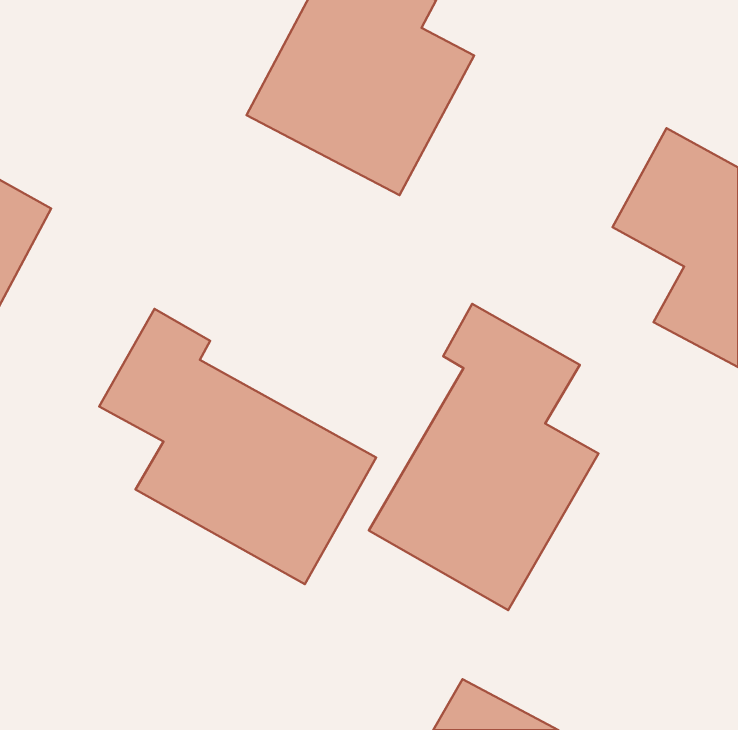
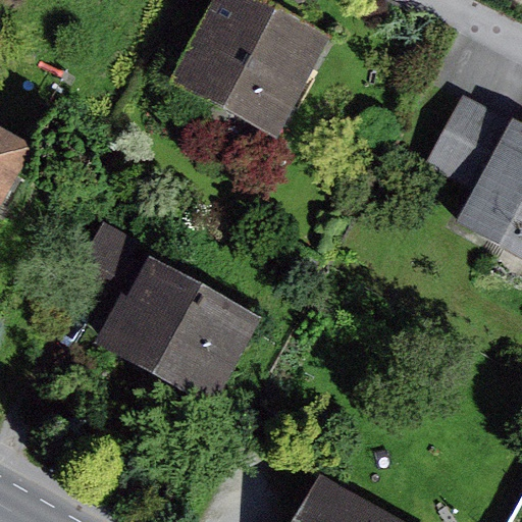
building: [369,304,598,610] -> none

